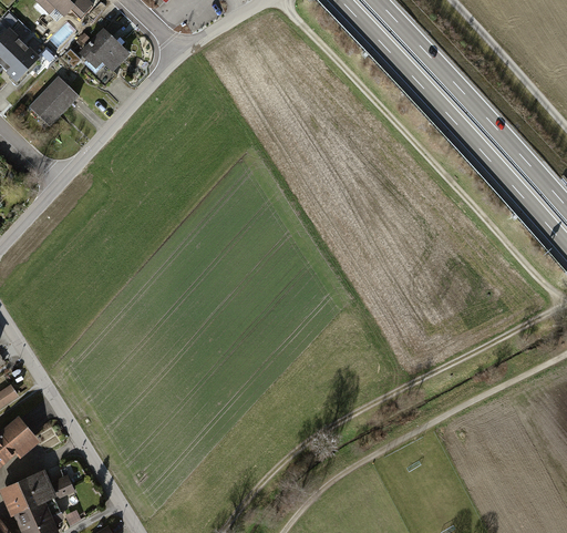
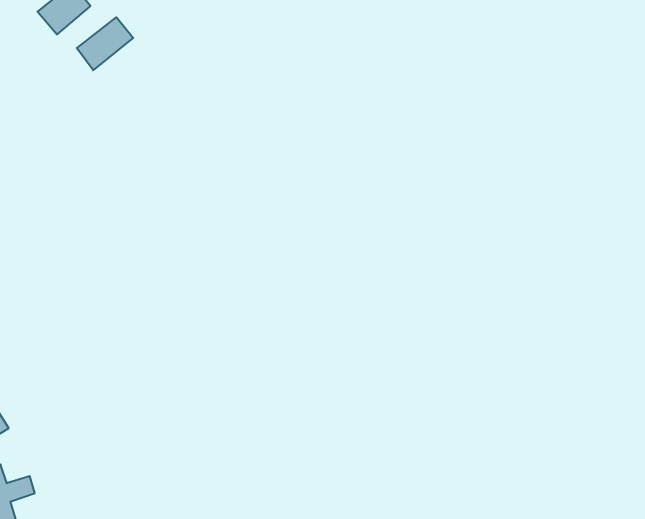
building: none -> [77,17,133,70]

